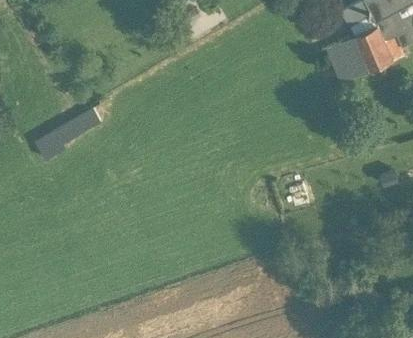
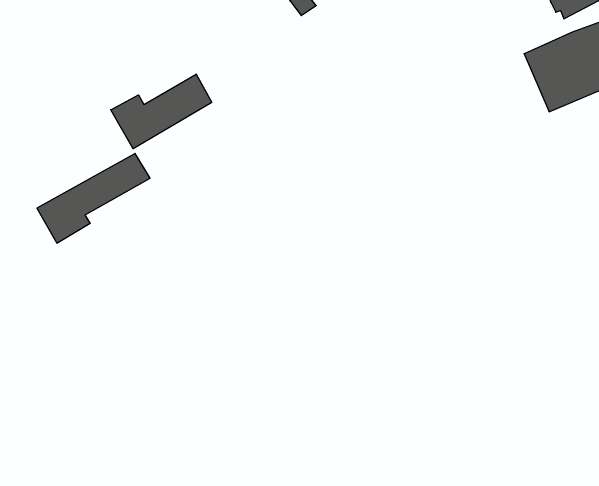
building: none -> [111,74,212,149]

